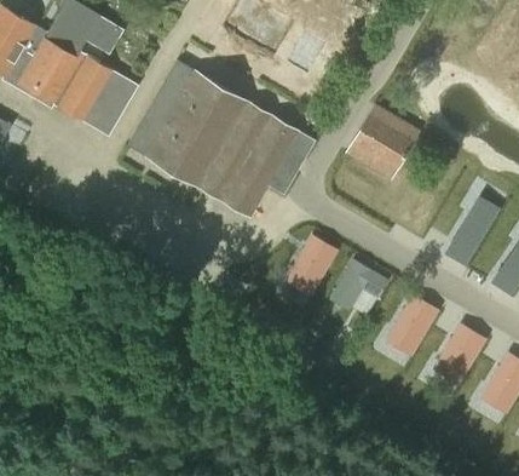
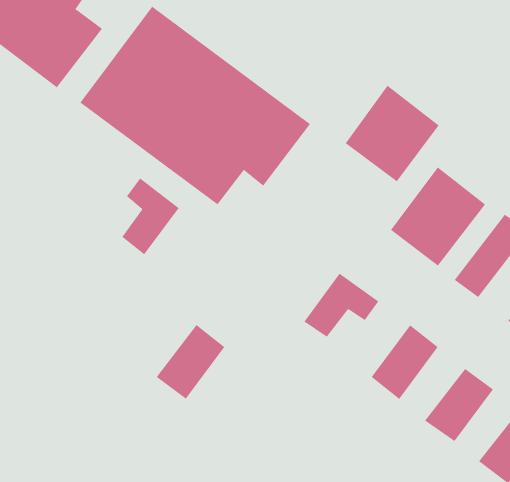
building: none -> [390,167,486,266]
building: none -> [122,178,179,255]
building: [284,233,338,294] -> [156,324,225,400]

